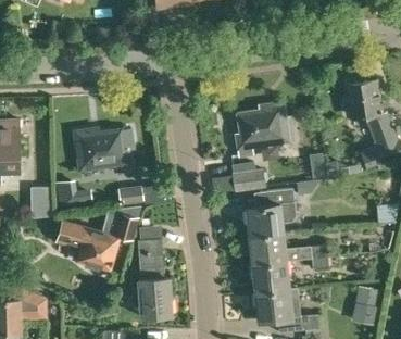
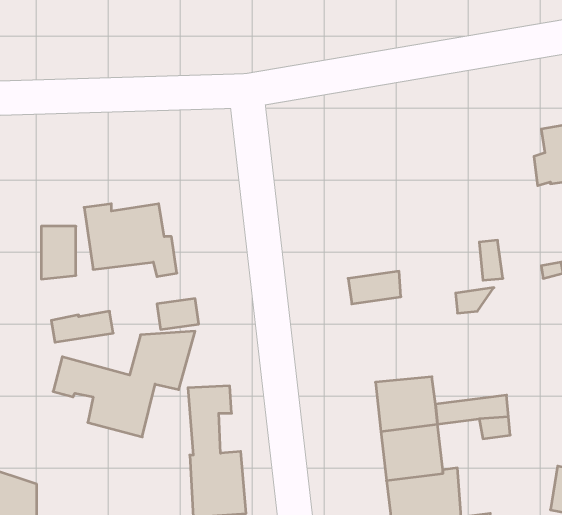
building: [237,103,287,155] -> none
building: [30,187,51,218] -> [41,226,76,279]
building: [247,188,296,236] -> none

